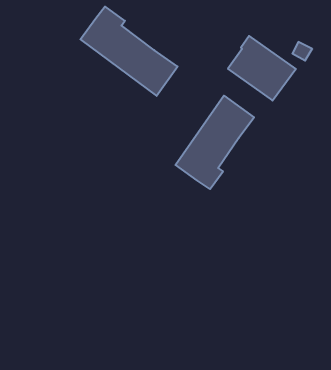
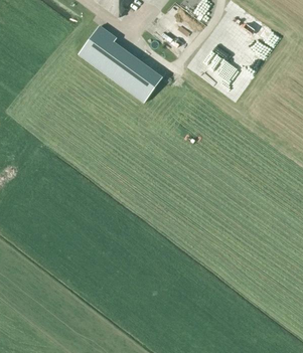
building: [175,96,254,189] -> none

